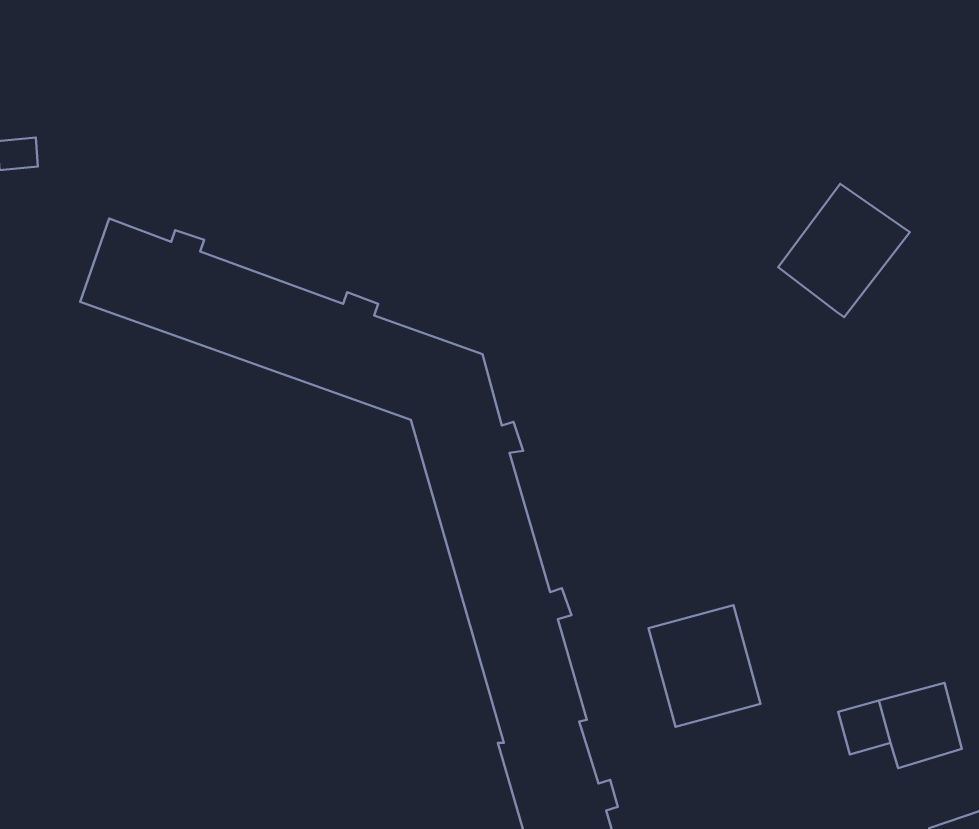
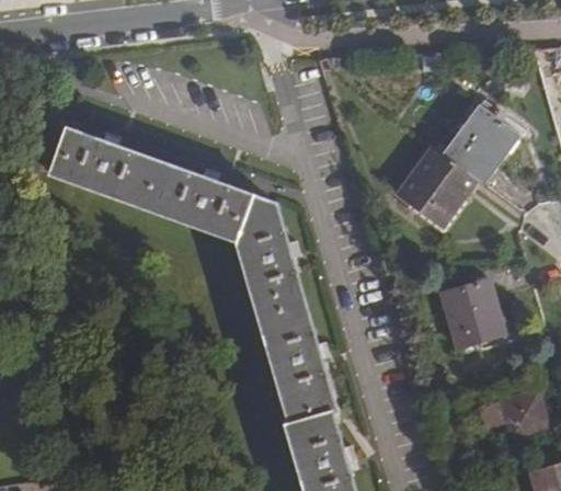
building: none -> [397,146,476,227]
building: [648,605,761,727] -> [439,279,503,349]

